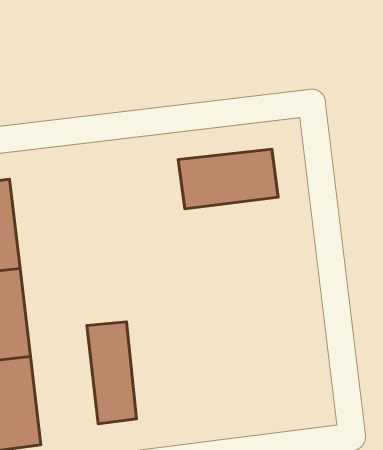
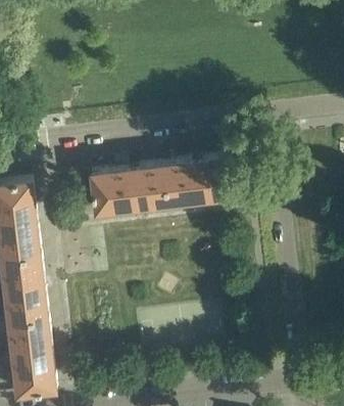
building: none -> [91,168,168,215]
building: [87,322,137,424] -> none

